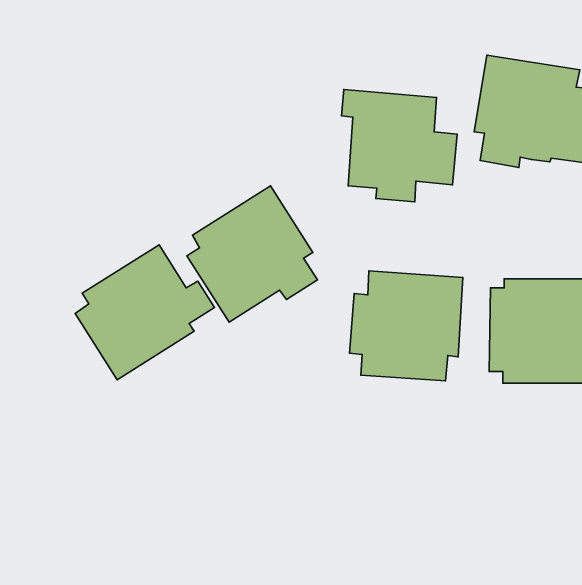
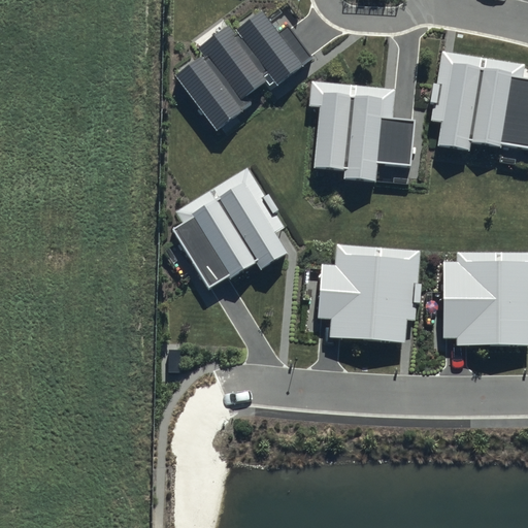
building: none -> [174,12,310,131]
building: [75,245,214,380] -> none

